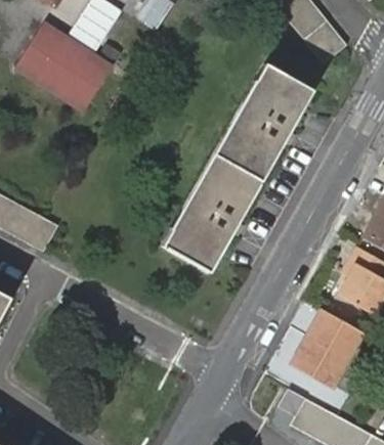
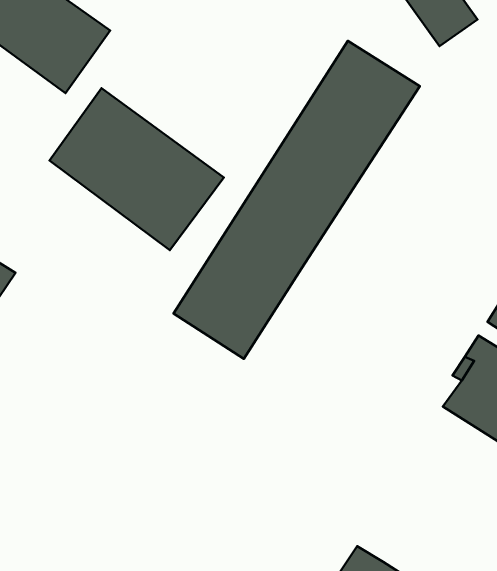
building: none -> [49,88,224,250]
building: [296,310,366,386] -> none

